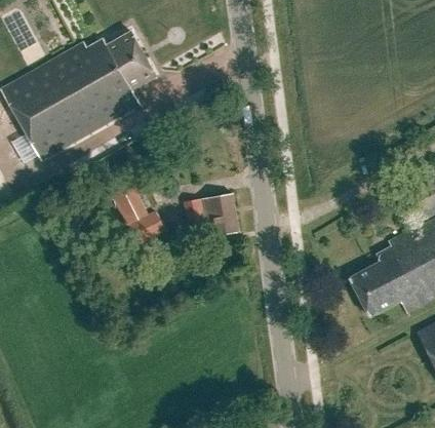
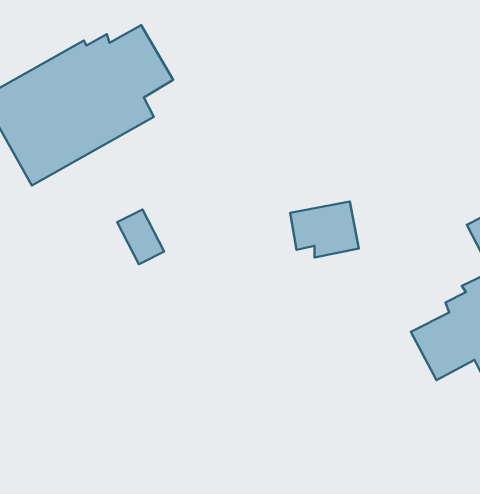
building: [184,192,239,237] -> [290,201,359,257]
building: [130,208,167,242] -> none

